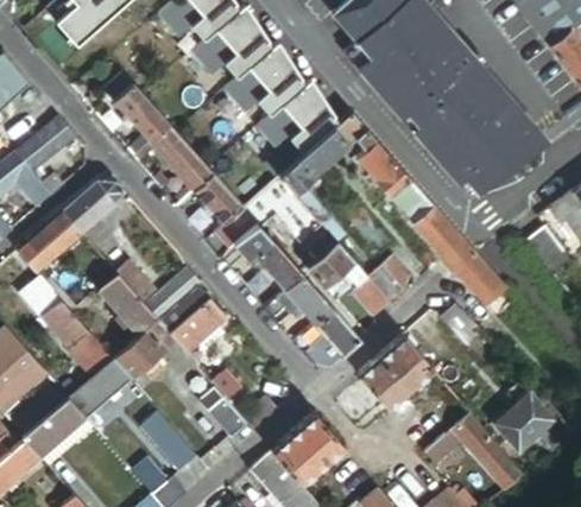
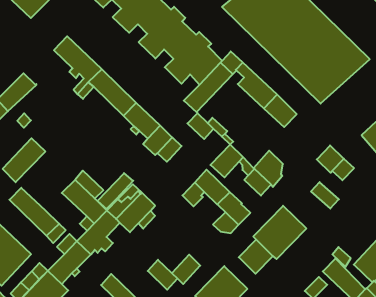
building: [244,177,297,228] -> none
building: [63,180,125,232] -> none
building: [415,209,478,274] -> none
building: [253,240,303,292] -> none

